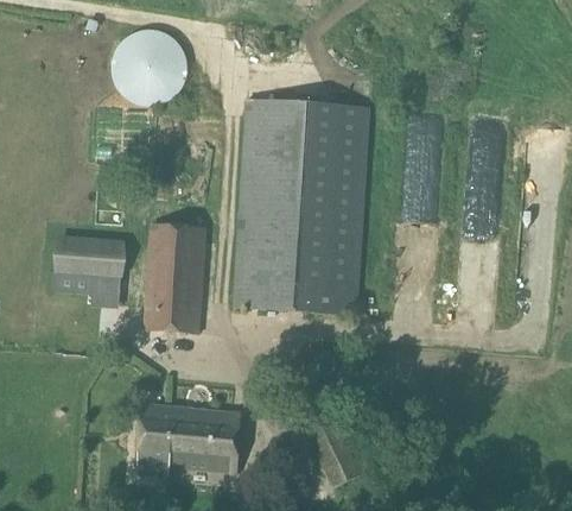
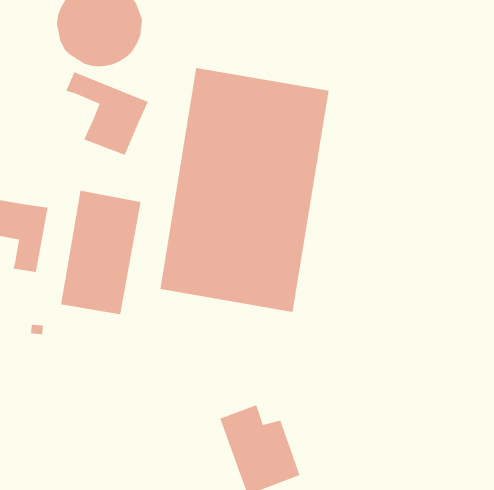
building: none -> [65,71,149,156]
building: [136,402,241,477] -> none

